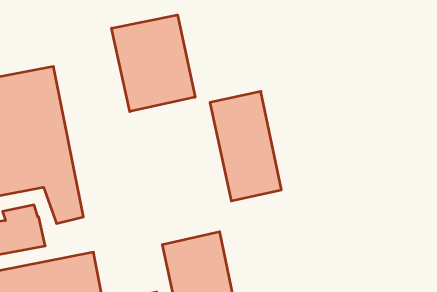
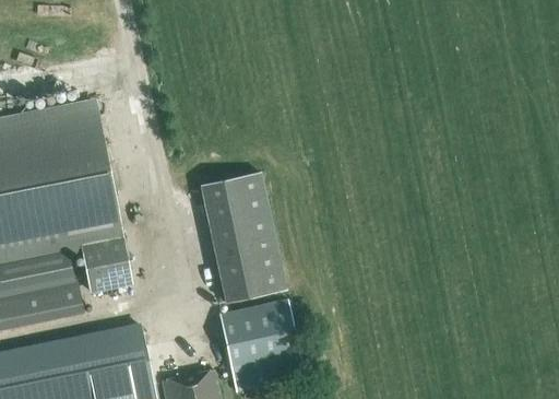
building: [112,15,195,112] -> none
building: [210,91,281,201] -> [201,172,285,301]

